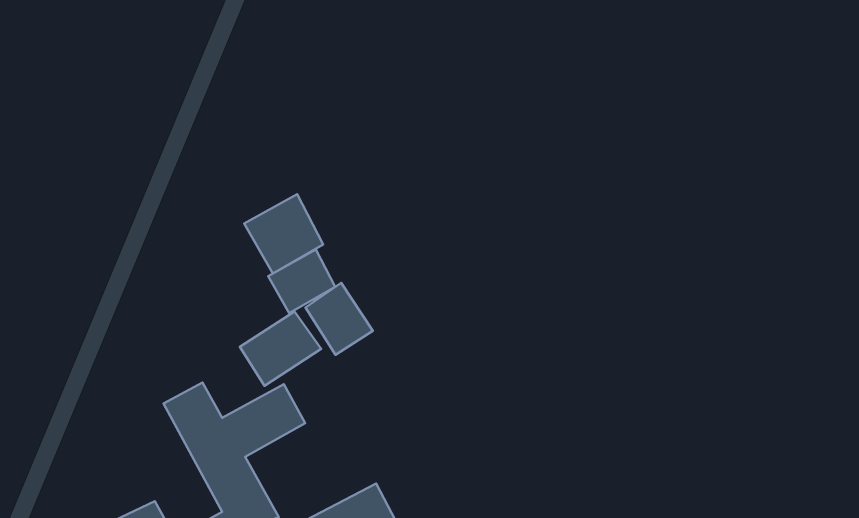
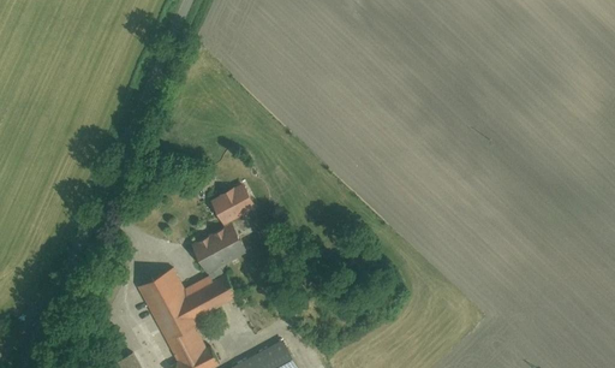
building: [244,194,323,273] -> none
building: [306,283,373,355] -> none

